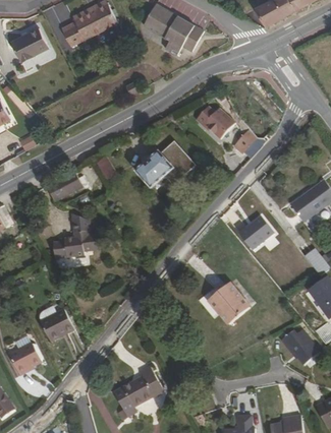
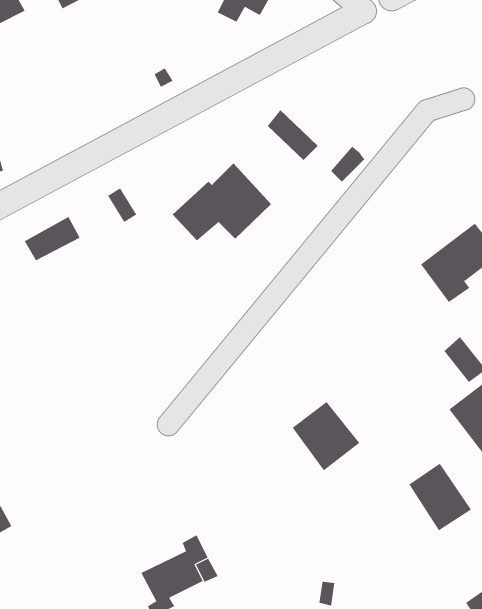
building: [236,213,274,248] -> none
building: [53,214,98,257] -> none
building: [39,309,72,341] -> none

